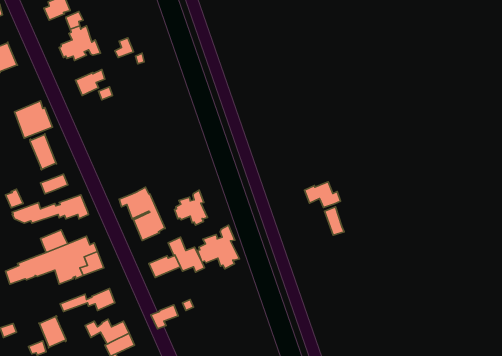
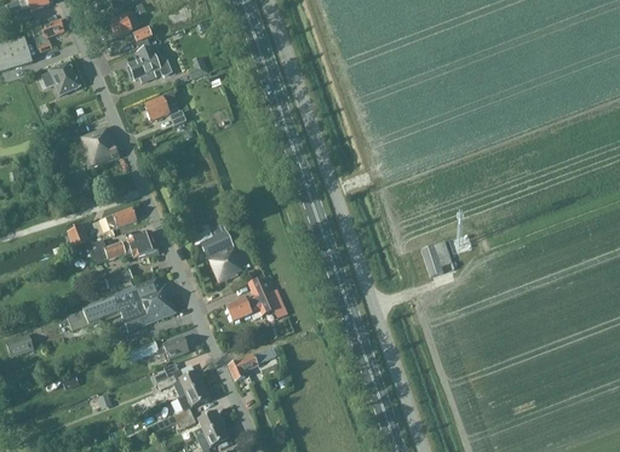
building: [30,134,56,170] -> none
building: [304,182,341,208] -> none
building: [174,190,207,225] -> none
building: [197,225,240,269] -> none
building: [39,316,66,348] -> none

